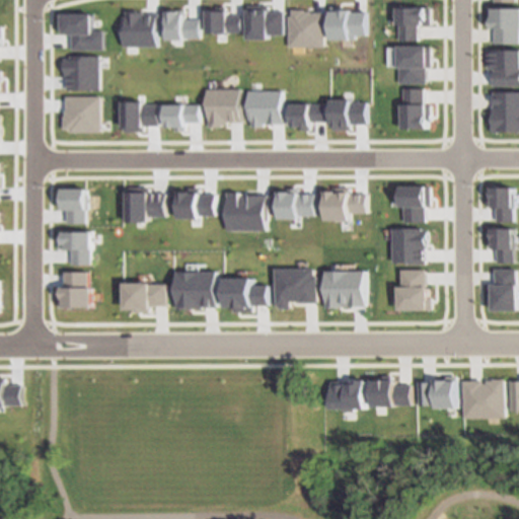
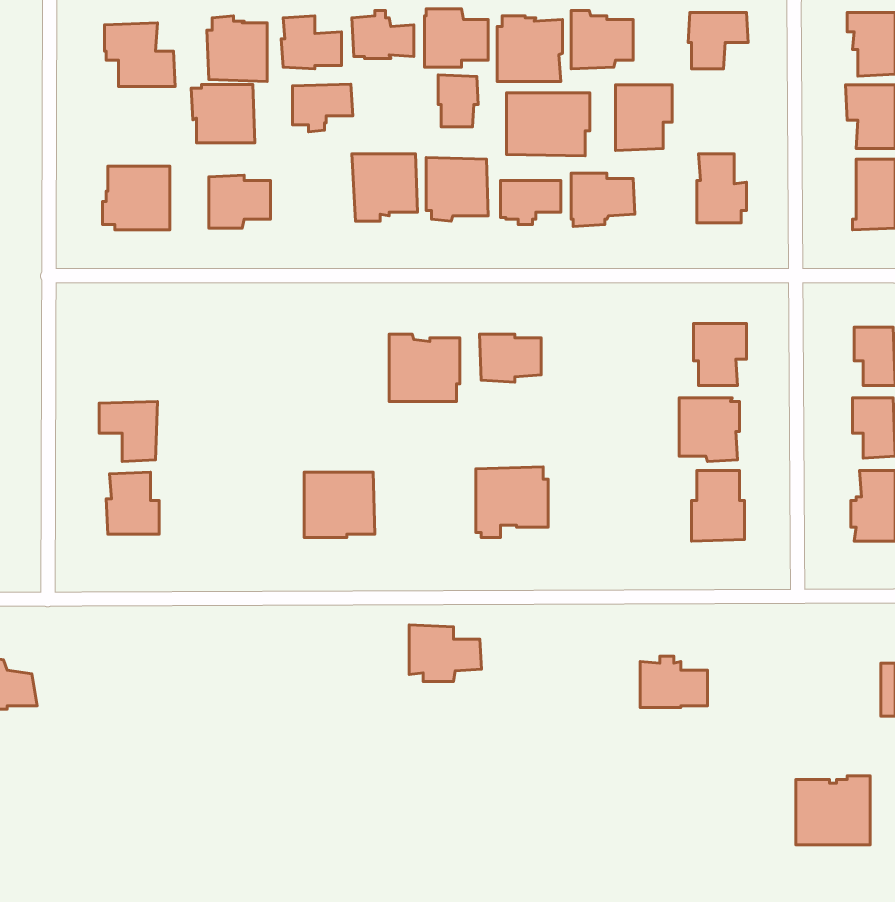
building: none -> [438,75,478,127]
building: [396,47,429,84] -> [615,85,672,150]
building: none -> [506,93,590,156]
building: [60,57,96,90] -> [191,85,255,143]
building: [162,104,197,132] -> [293,84,353,132]
building: [124,189,164,222] -> none
building: [320,189,363,221] -> none
building: [60,190,85,224] -> none
building: [176,190,212,219] -> none
building: [322,272,363,307] -> none
building: [223,279,265,311] -> [409,625,482,682]
building: [126,286,163,312] -> none
building: [413,377,452,409] -> none
building: [457,379,500,419] -> [796,776,870,845]
building: [326,380,361,410] -> none

